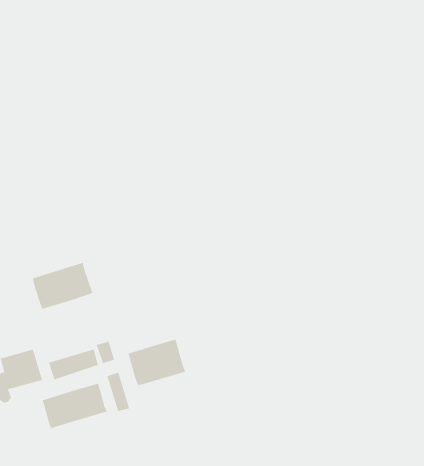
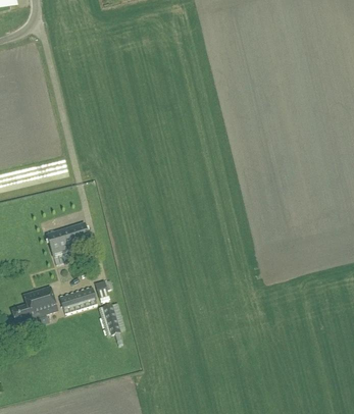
building: [128,339,186,386] -> none
building: [42,383,108,429] -> none

